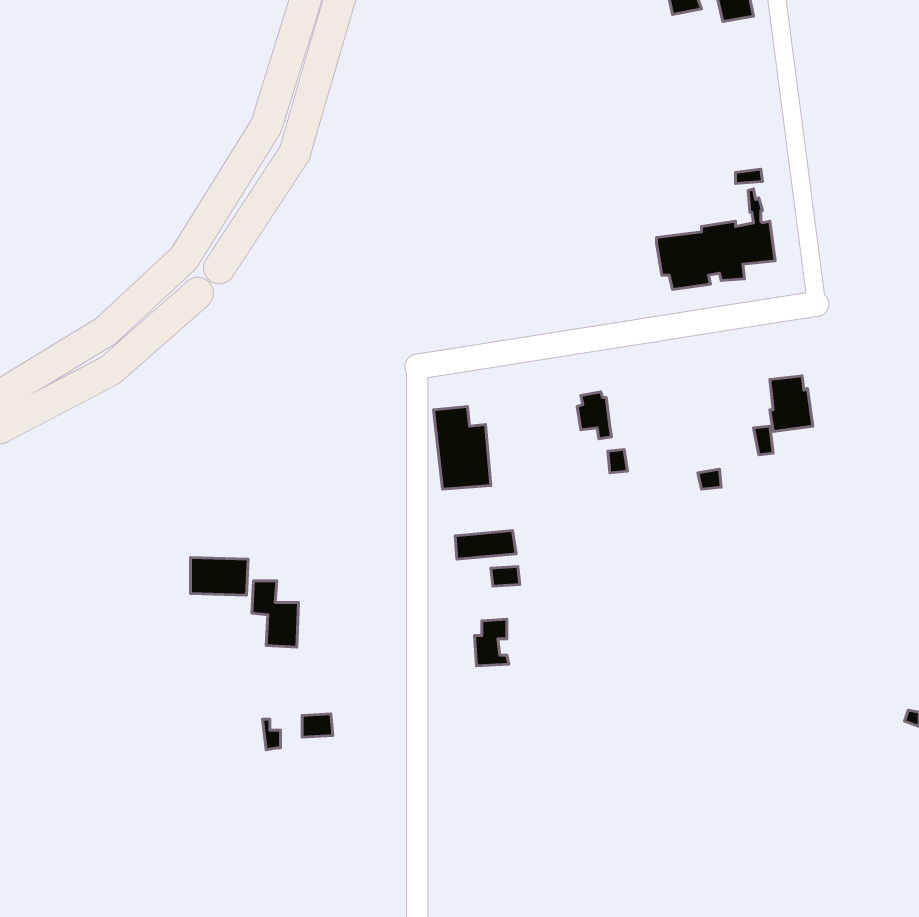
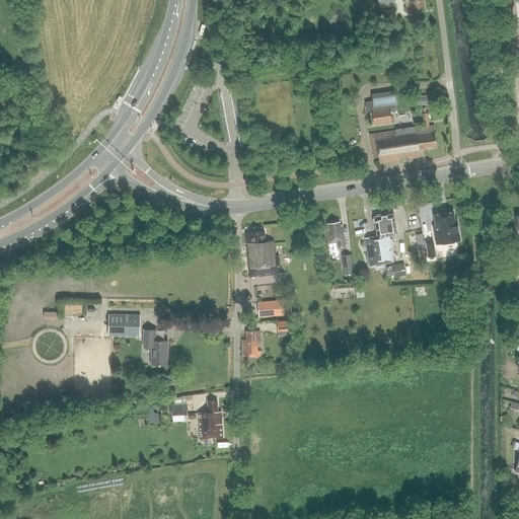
building: none -> [371,89,397,126]
building: none -> [363,213,396,265]
building: [475,619,509,666] -> [241,329,261,356]
building: none -> [199,399,222,438]

